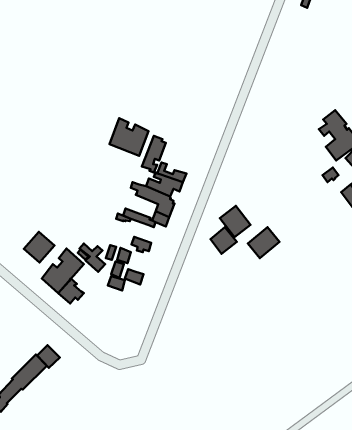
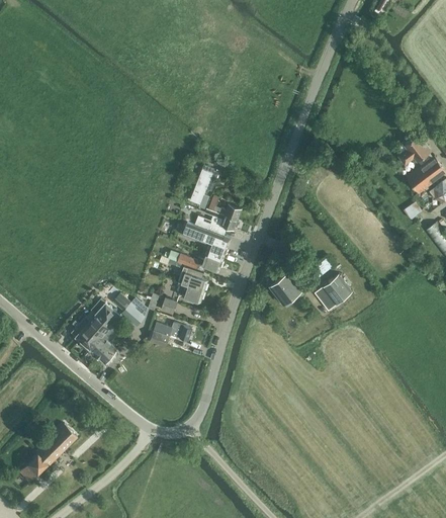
building: [109,118,149,156] -> none
building: [220,206,251,237] -> none
building: none -> [177,267,203,291]
building: [24,232,55,263] -> none
building: [37,345,60,368] -> none

